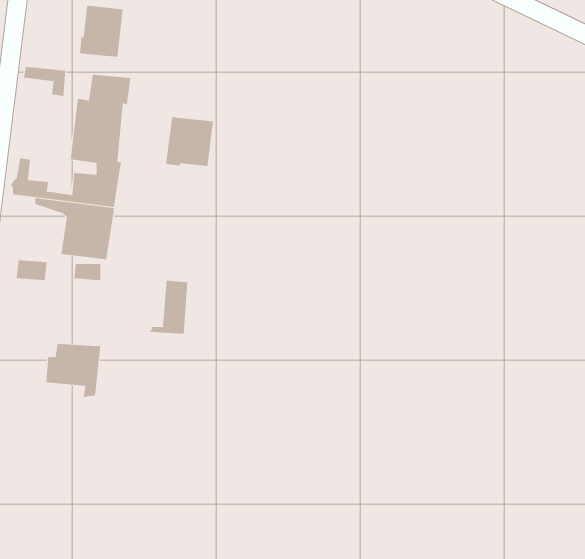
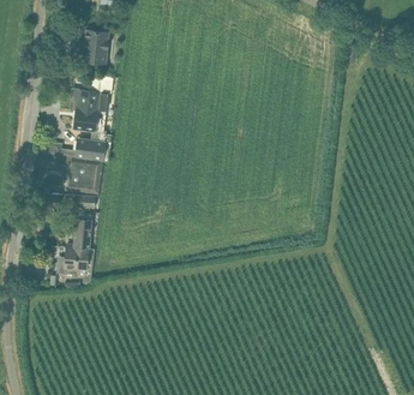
building: [165,116,214,167] -> none
building: [149,280,188,334] -> [66,214,91,249]

